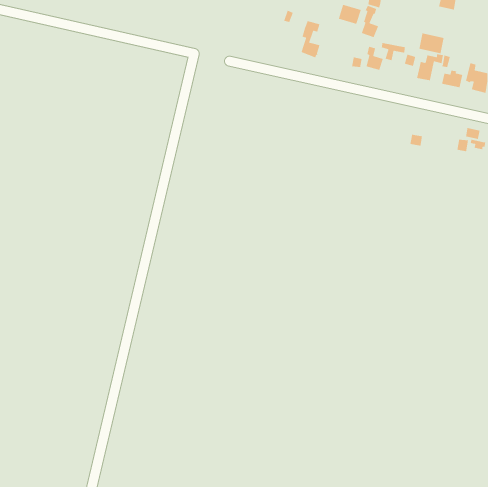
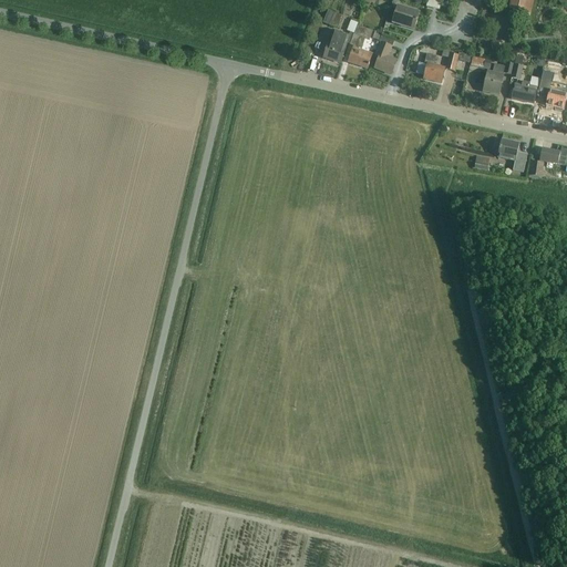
building: [361,5,379,38] -> [374,34,395,73]
building: none -> [322,31,352,62]
building: [418,33,445,54] -> none
building: none -> [496,138,526,172]

